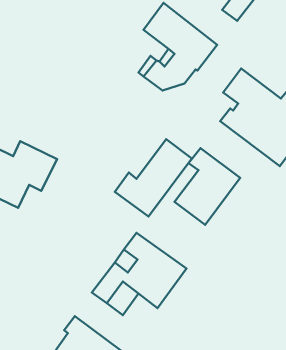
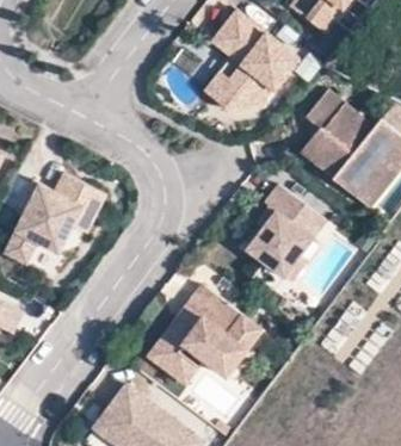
building: [115,139,192,217] -> none

